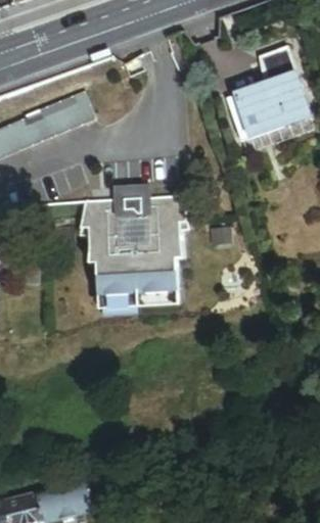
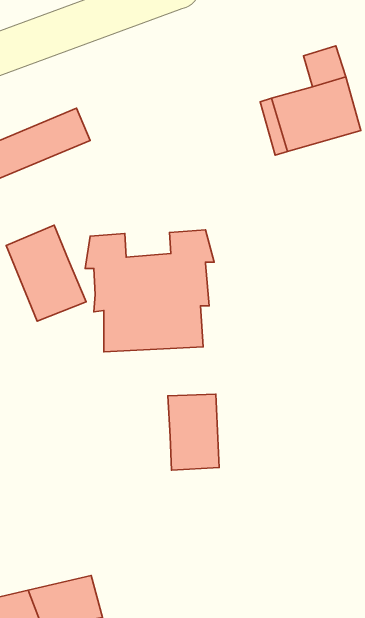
building: [113,185,151,220] -> none
building: none -> [6,225,86,321]
building: none -> [168,394,219,470]

